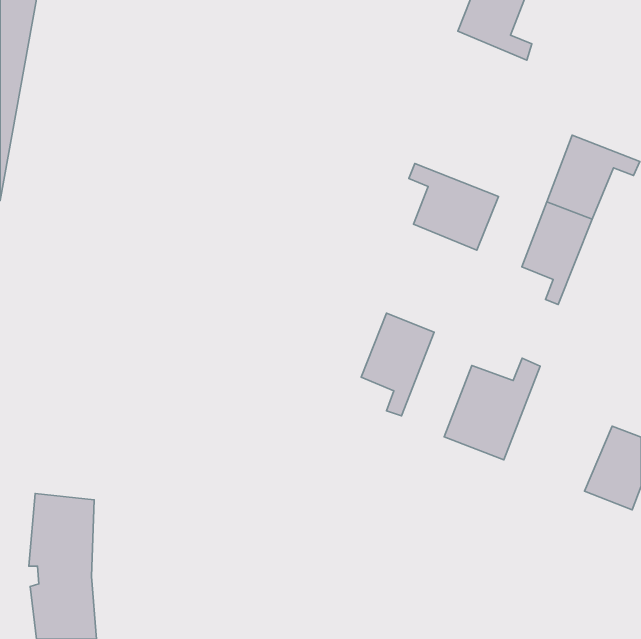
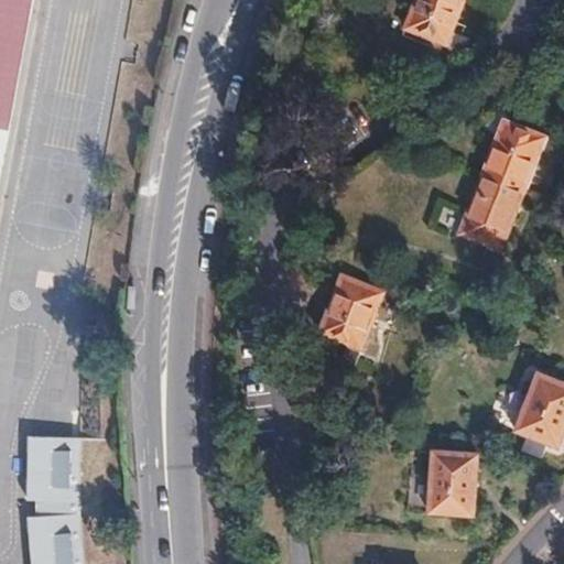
building: [409,163,498,250] -> none
building: [444,358,540,460] -> none
building: none -> [427,453,476,516]

